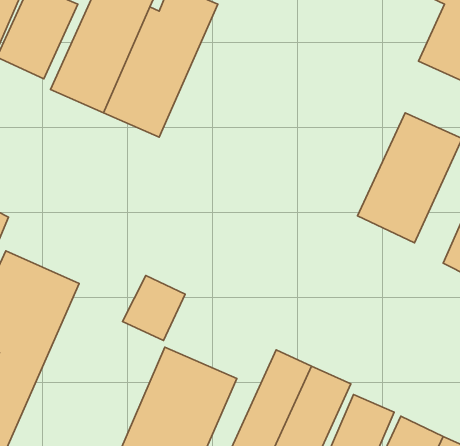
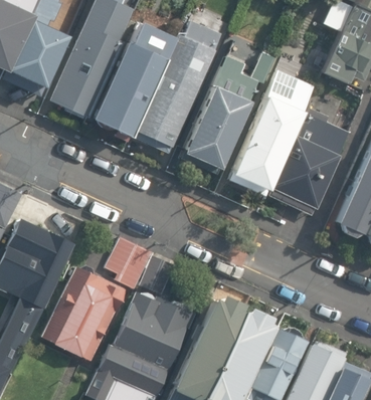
building: none -> [142,35,220,152]
building: none -> [187,55,263,170]
building: none -> [234,72,322,191]
building: none -> [41,264,123,357]

